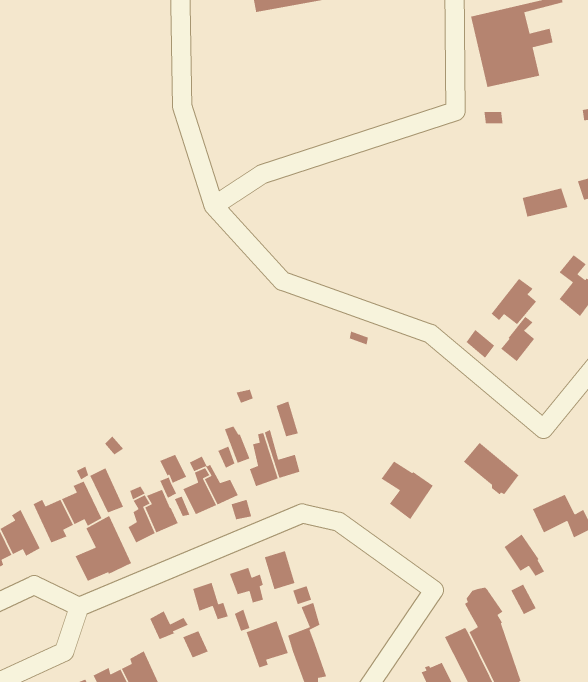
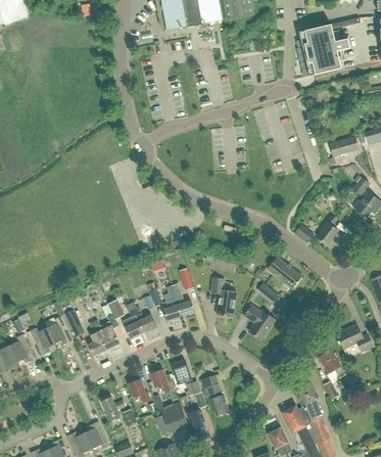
building: [491,278,537,325] -> none
building: none -> [210,277,237,316]
building: [463,442,519,495] -> [268,256,302,288]
building: [75,515,132,582] -> none
building: none -> [200,374,229,415]

